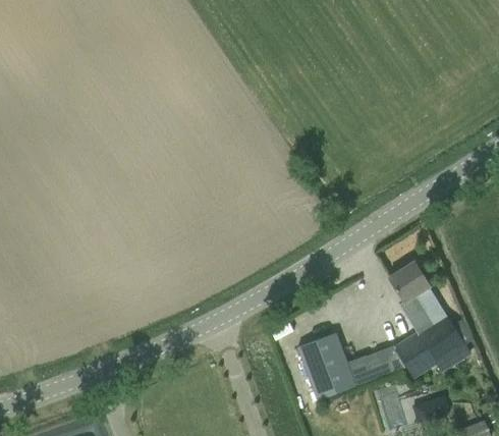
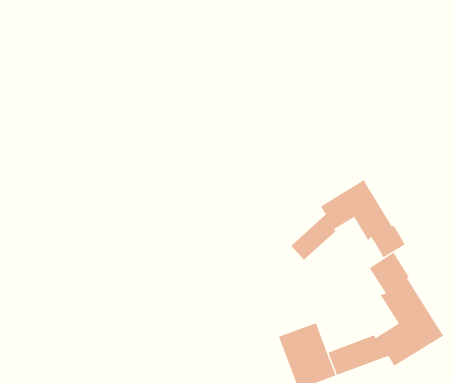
building: none -> [290,179,406,260]

